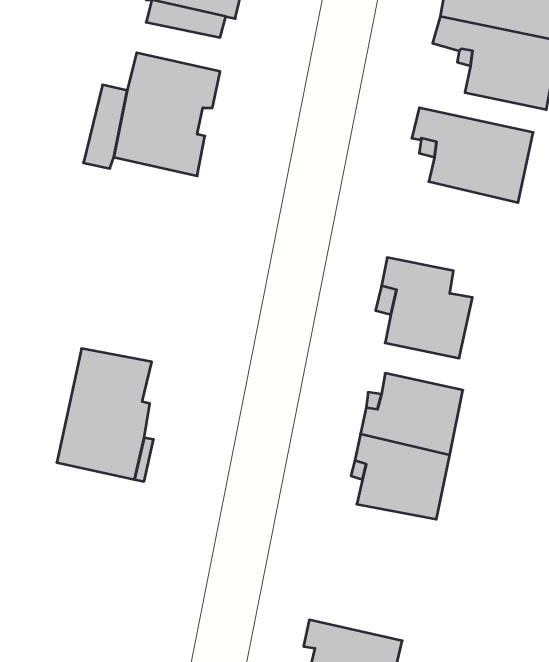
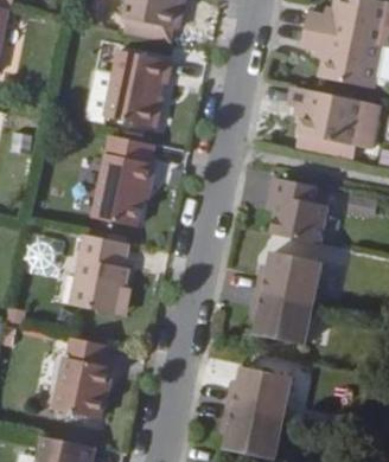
building: none -> [91,136,155,229]
building: none -> [51,339,109,421]
building: none -> [225,367,292,419]

